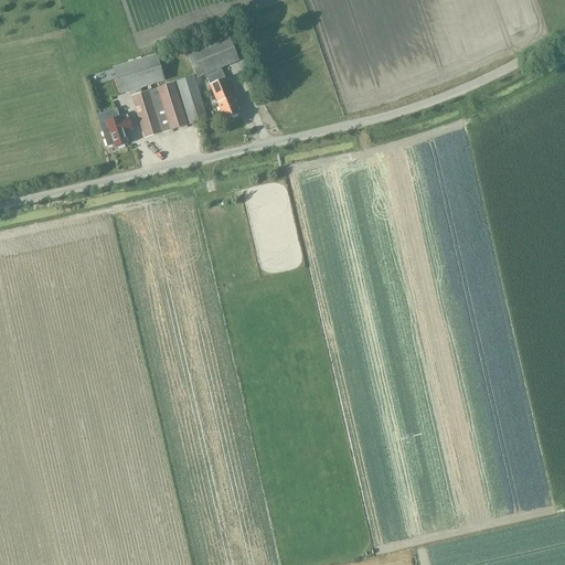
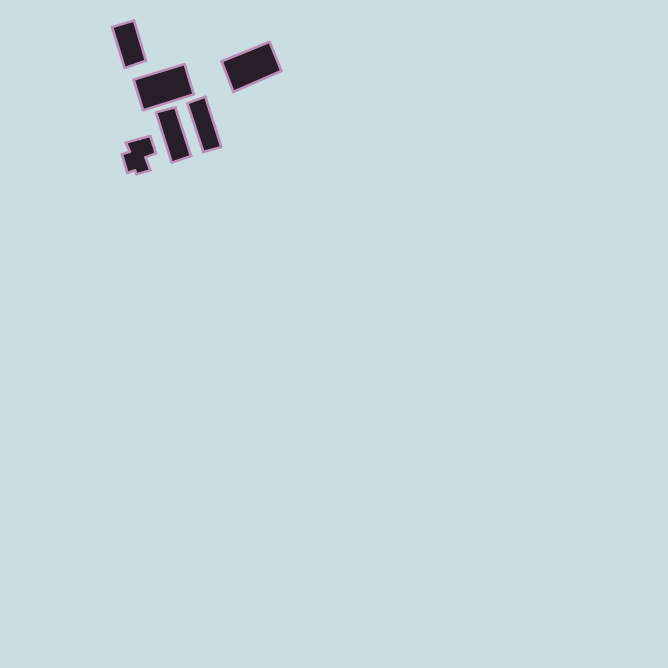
building: none -> [112,20,146,68]
building: [207,70,239,119] -> none
building: [177,75,206,122] -> none

